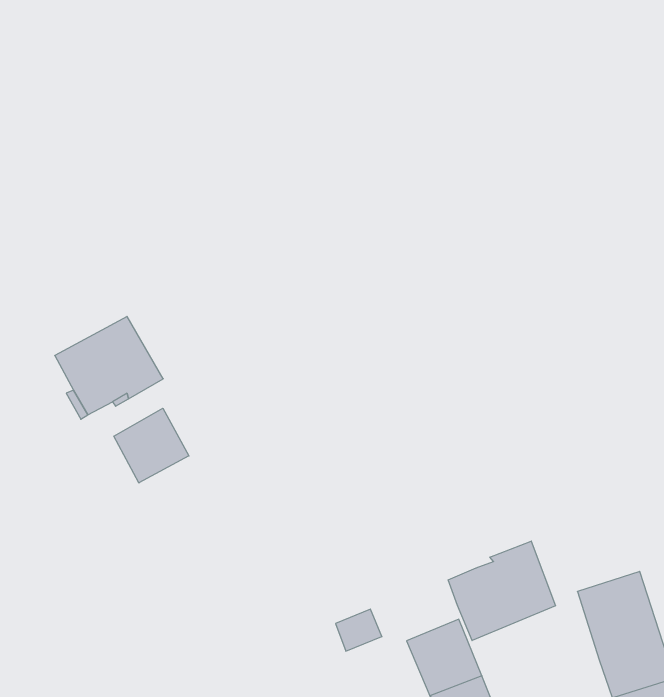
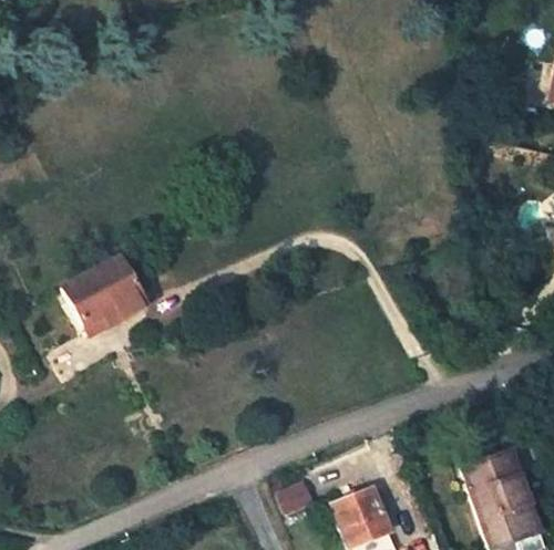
building: [114,408,189,483] -> none
building: [448,541,556,641] -> none

